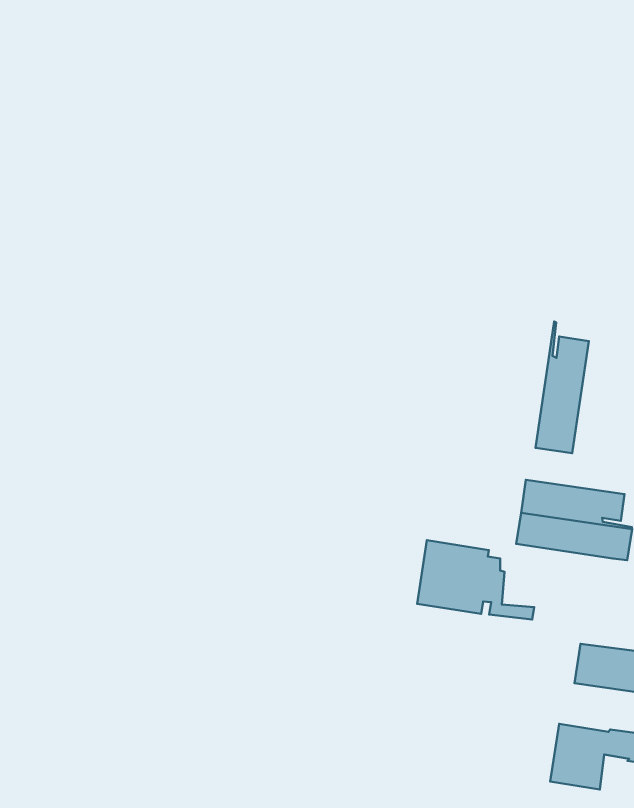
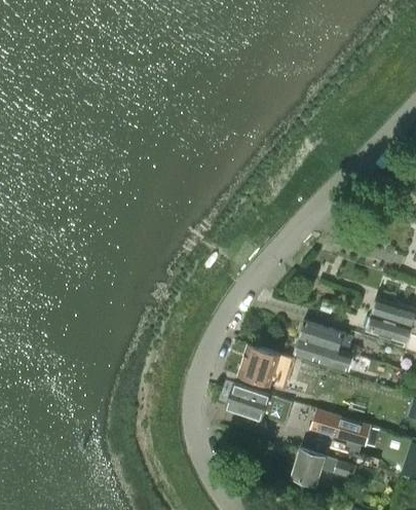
building: [536,322,589,453] -> none
building: none -> [226,385,281,423]

